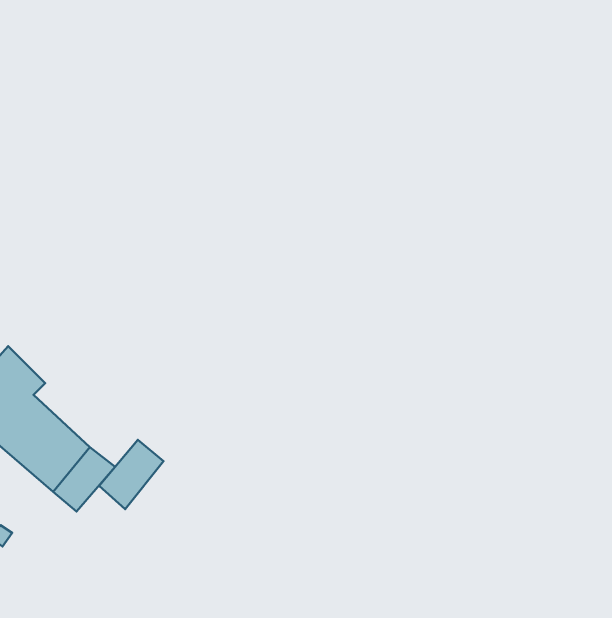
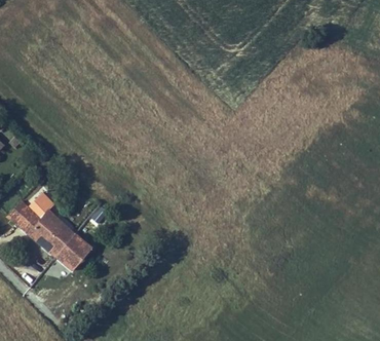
building: [99,440,163,509] -> none

